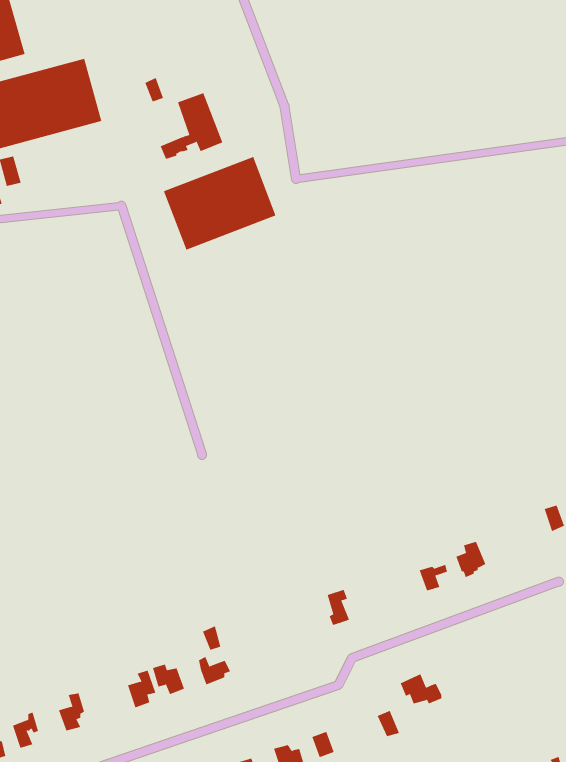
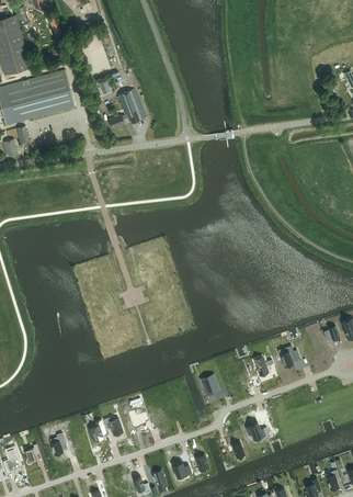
building: [163,156,276,250] -> none

